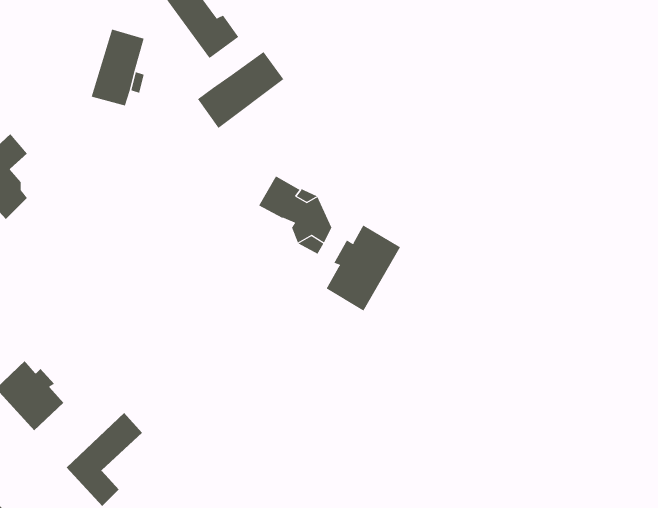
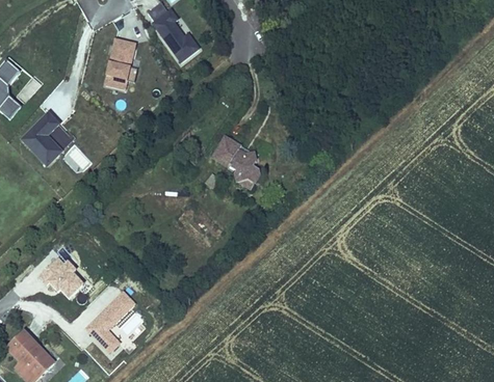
building: [197,51,284,129] -> none
building: [326,224,401,311] -> none

